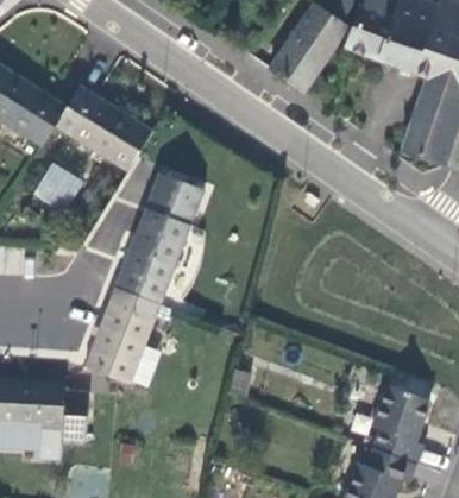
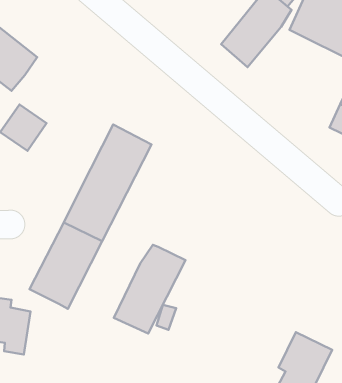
building: [54,87,151,172] -> none
building: none -> [114,245,185,334]

